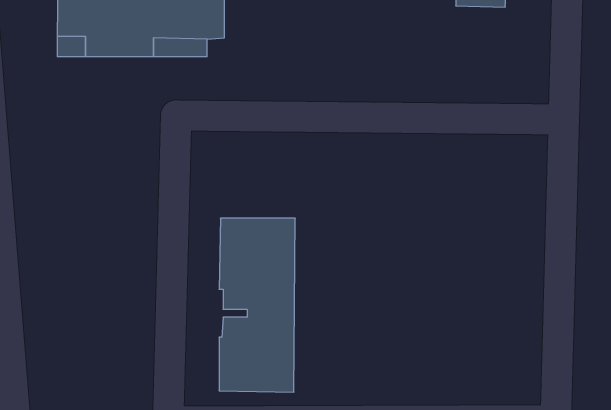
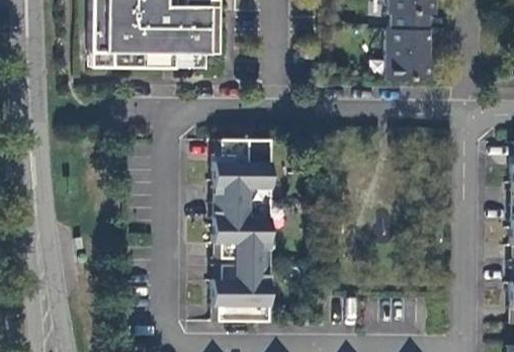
building: none -> [388,28,435,79]
building: none -> [215,139,271,189]

